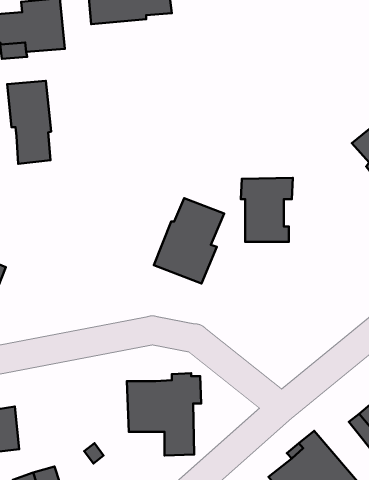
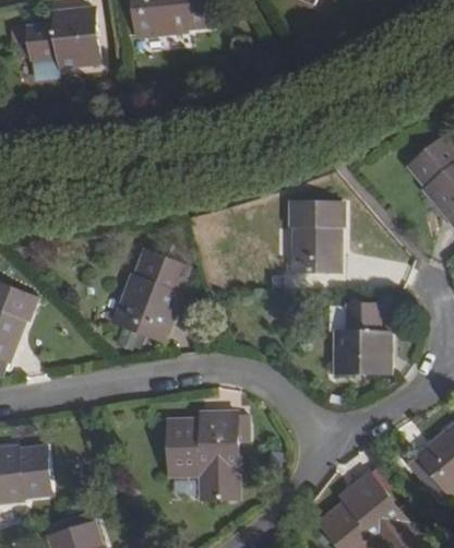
building: [7,81,51,164] -> none
building: [154,198,224,284] -> [114,250,189,342]
building: none -> [335,305,391,373]

